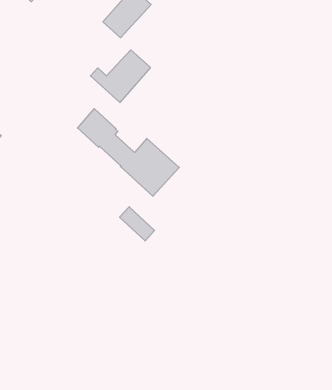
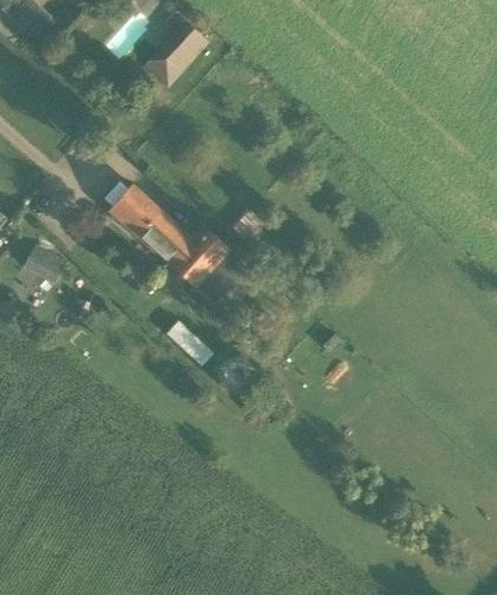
building: [90,50,150,102] -> none
building: none -> [23,242,64,282]

